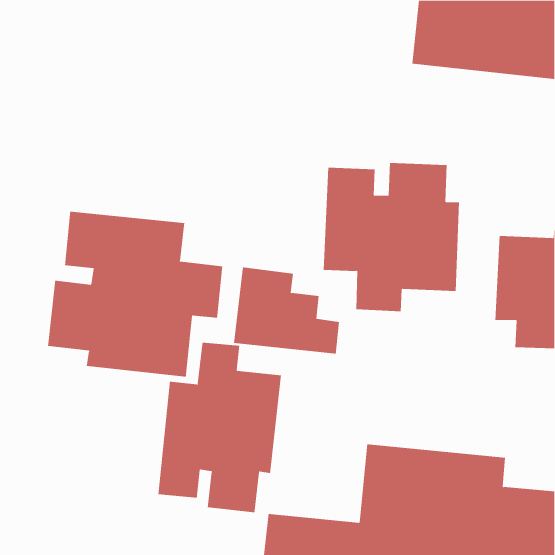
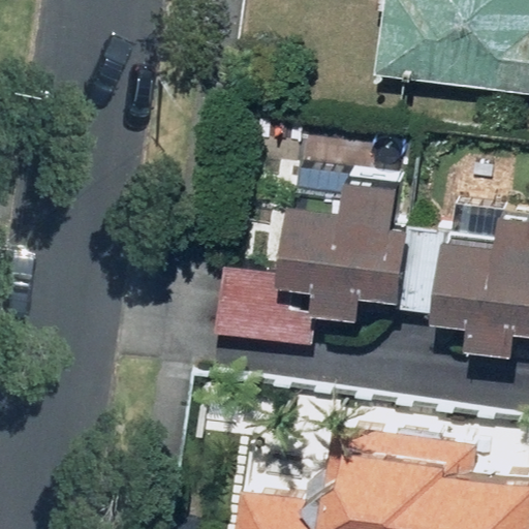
building: [47,211,223,378] -> none
building: [158,342,281,513] -> none

